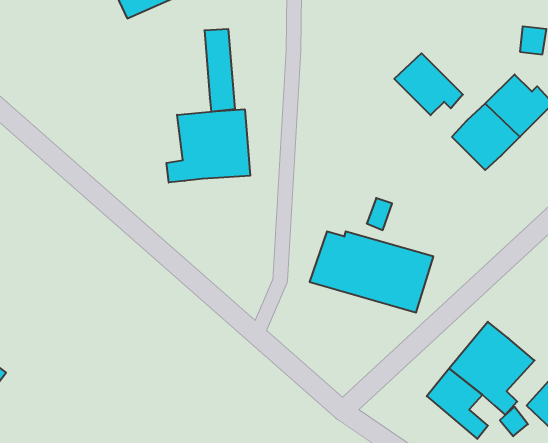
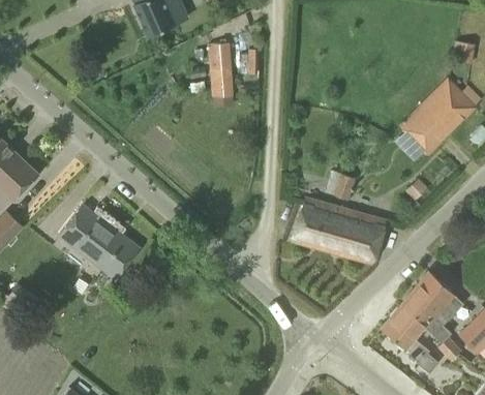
building: [394,53,463,115] -> none
building: [166,109,250,183] -> none
building: none -> [60,205,139,277]

